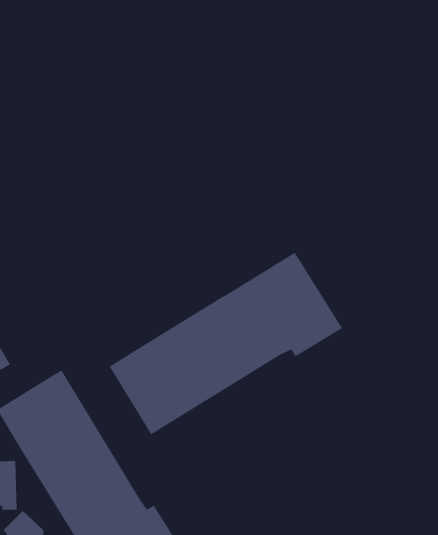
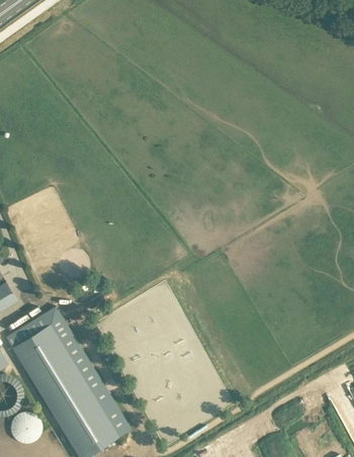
building: [109,252,343,435] -> none

